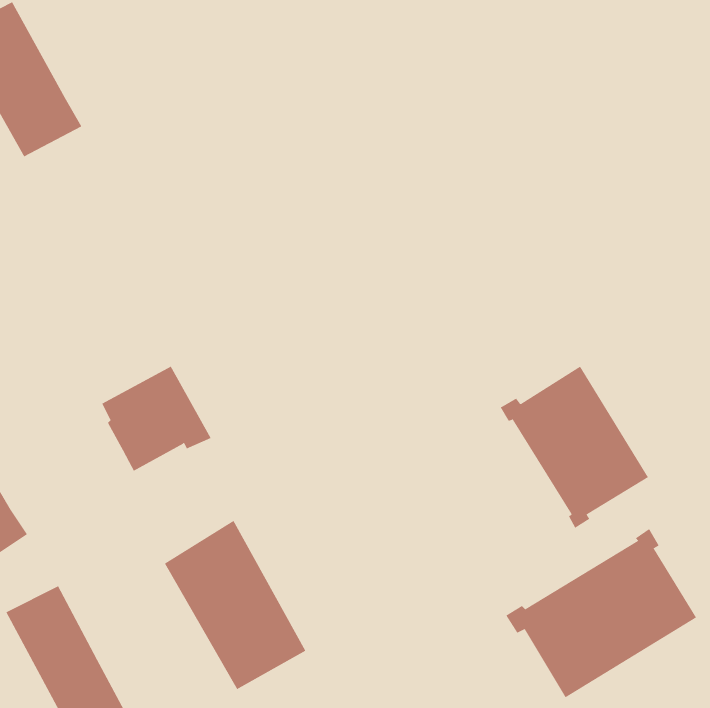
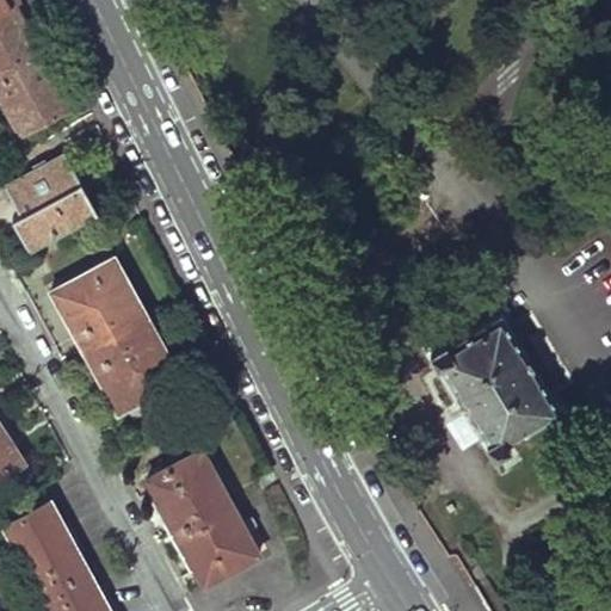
building: none -> [6,156,94,251]
building: none -> [53,257,147,348]
building: [505,528,697,698] -> none

